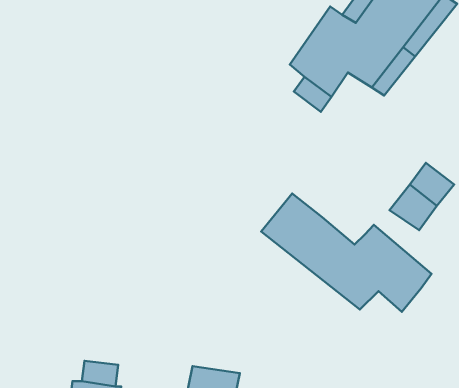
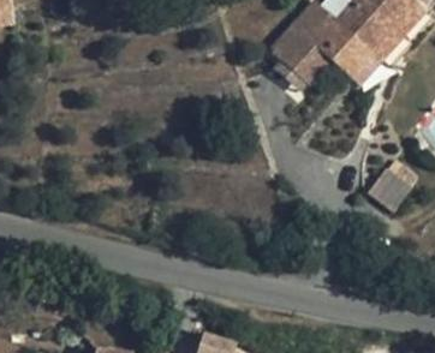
building: [261,193,432,312] -> none

